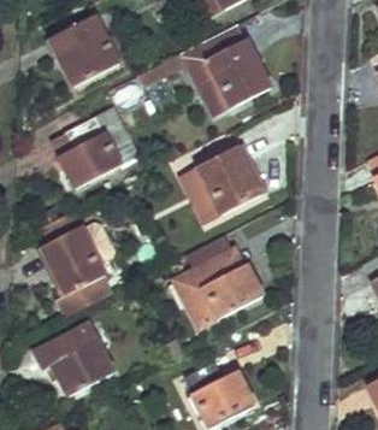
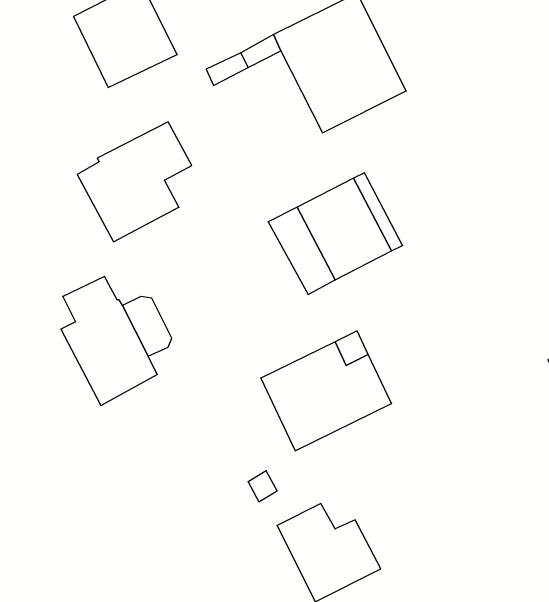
building: [35,323,113,395] -> none

